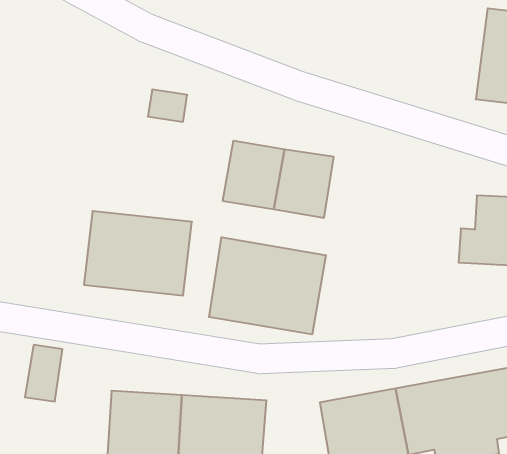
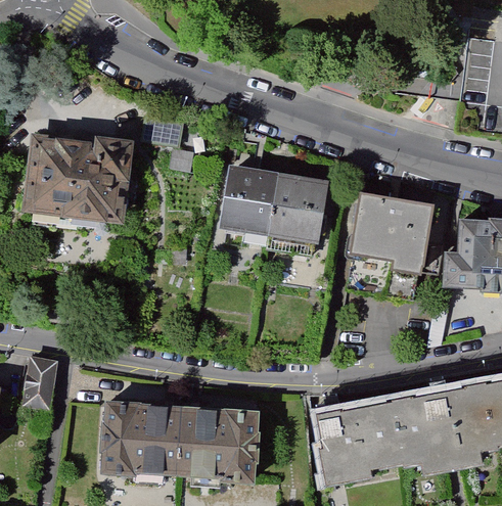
building: none -> [348,189,432,271]
building: [84,211,192,295] -> [35,141,138,222]
building: [209,237,326,334] -> none

